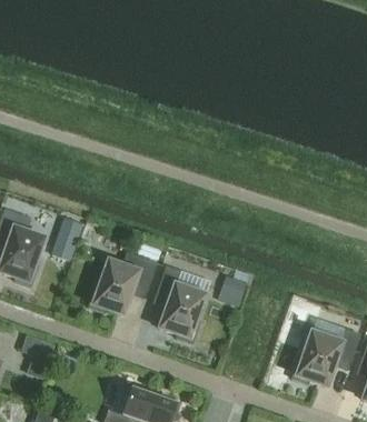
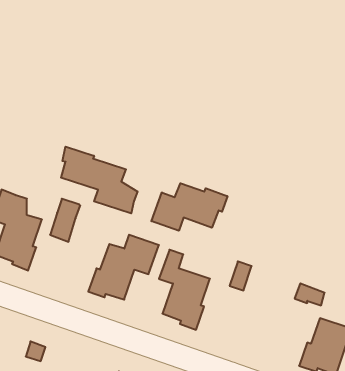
building: none -> [61,147,138,213]
building: none -> [151,183,227,231]

